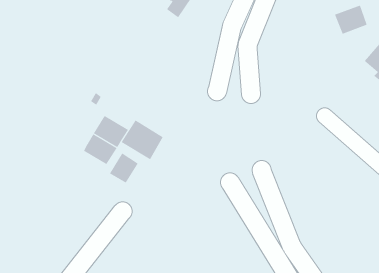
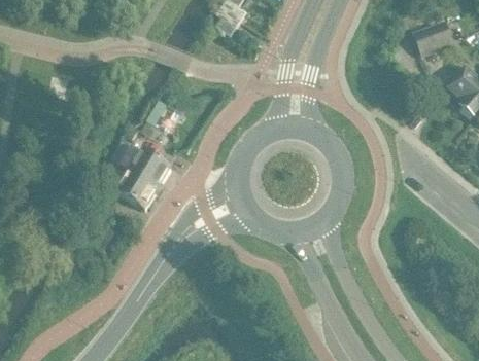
building: [121,120,164,160] -> none
building: [109,153,139,183] -> none

